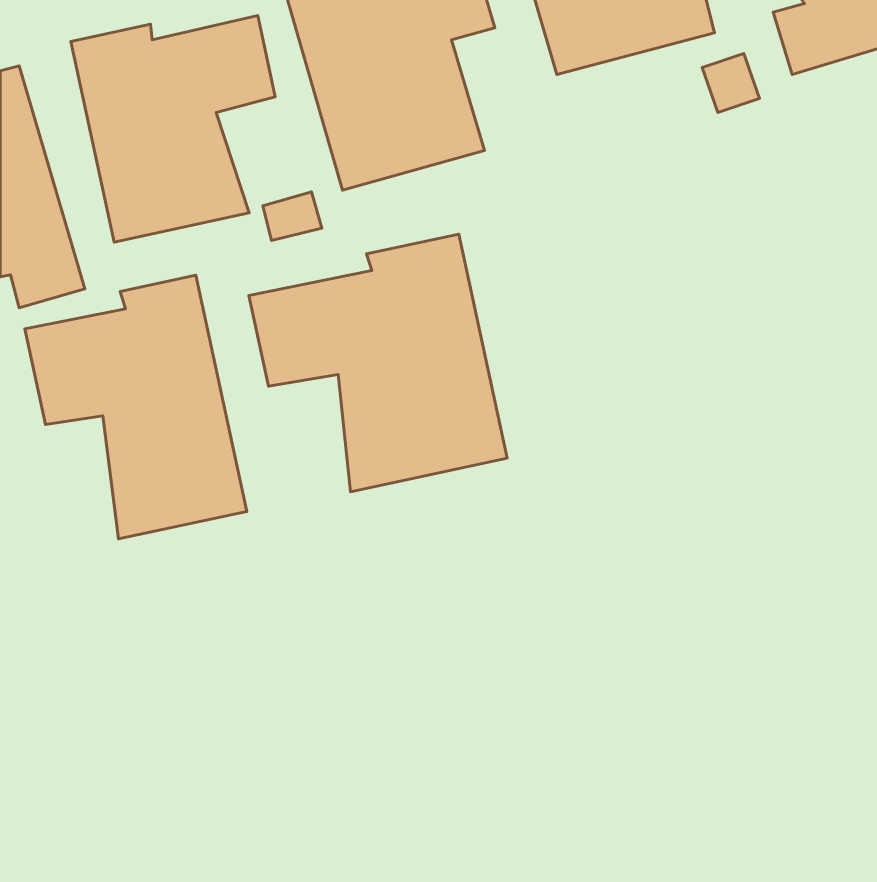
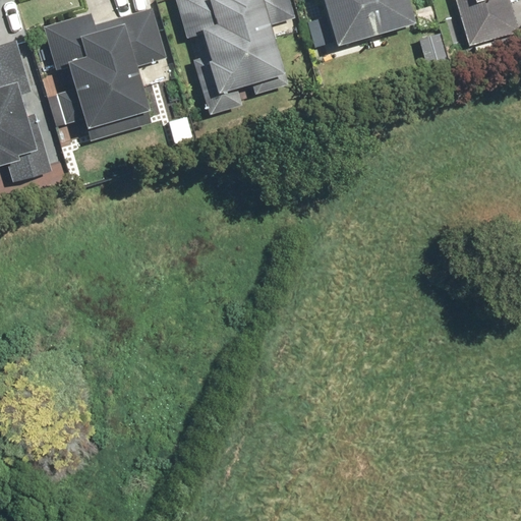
building: [249,234,507,492] -> none
building: [25,275,247,539] -> none

